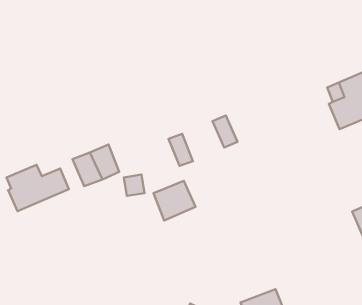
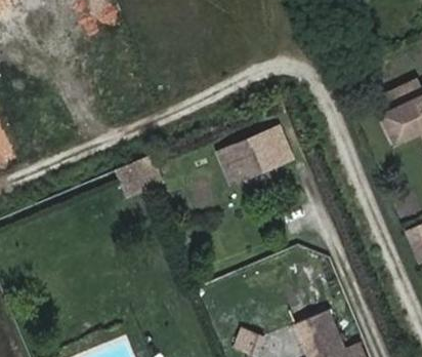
building: [7,165,69,211] -> none
building: [154,181,195,220] -> [230,133,275,175]

